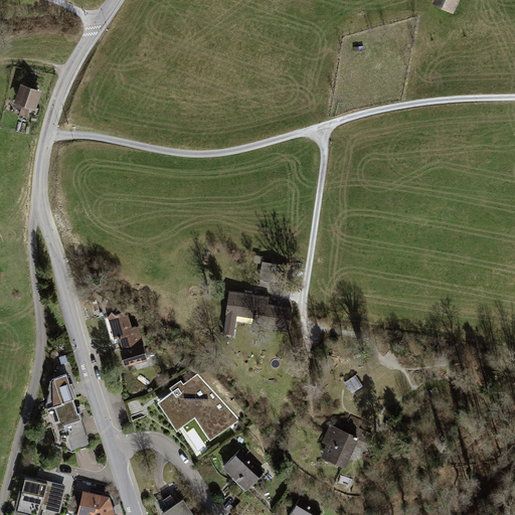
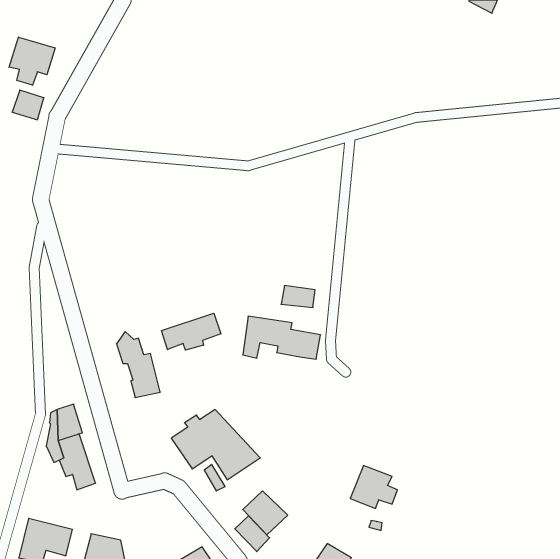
building: none -> [9,37,55,85]
building: none -> [162,313,221,350]
building: none -> [235,516,270,552]

